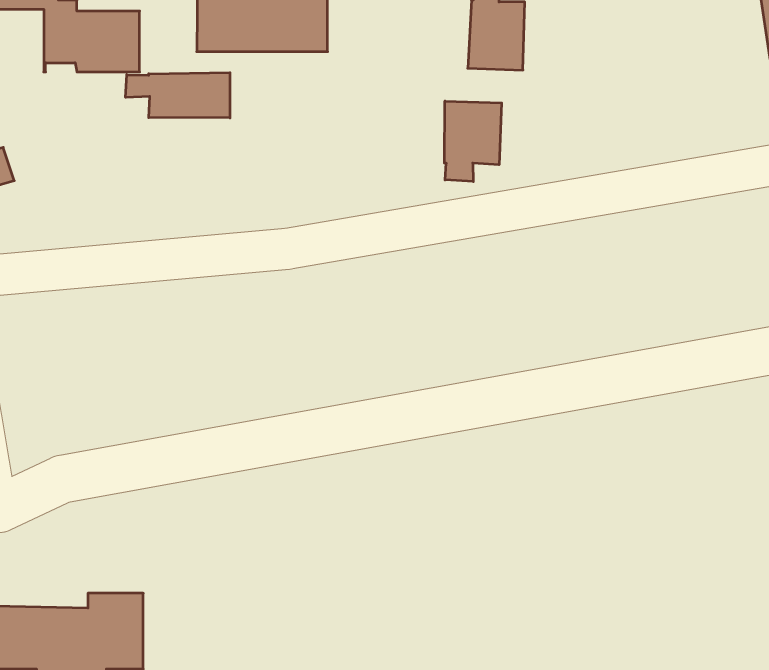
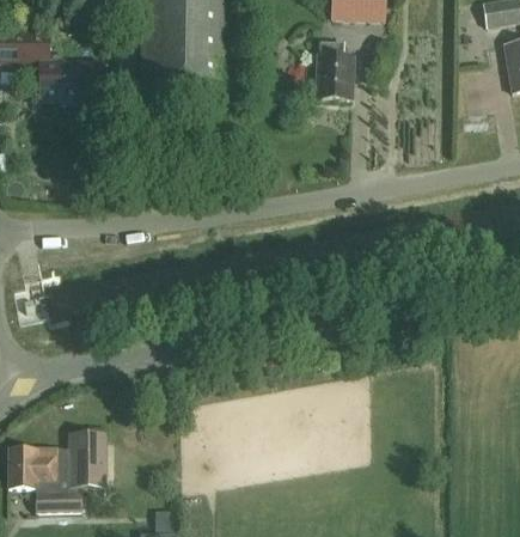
building: [126,73,230,118] -> none
building: [444,101,502,182] -> none

